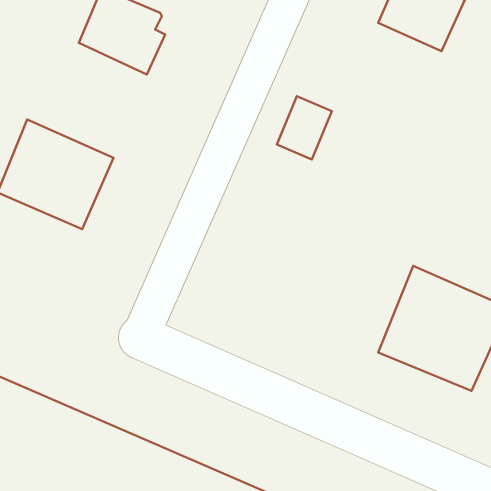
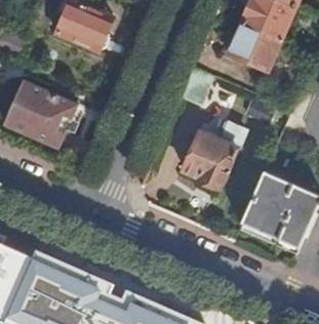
building: none -> [228,22,280,70]
building: none -> [183,123,245,189]

